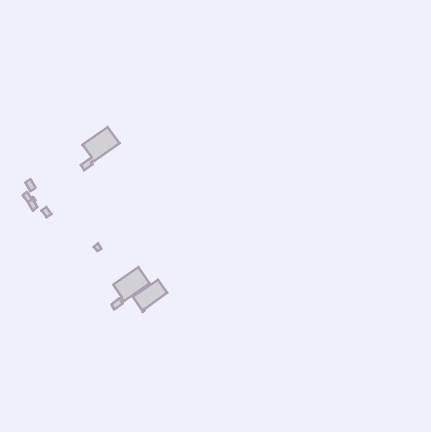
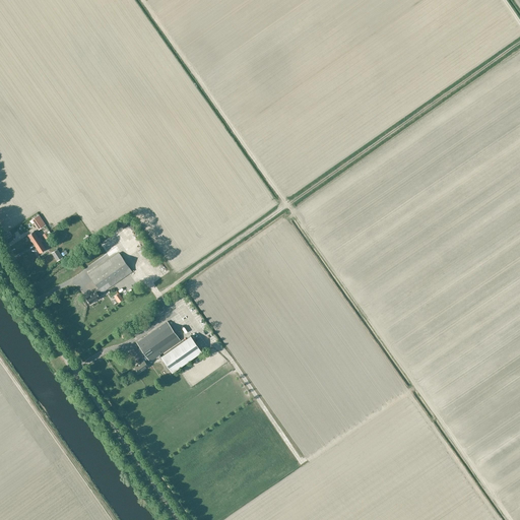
building: [81,127,120,170] -> [85,252,132,304]

